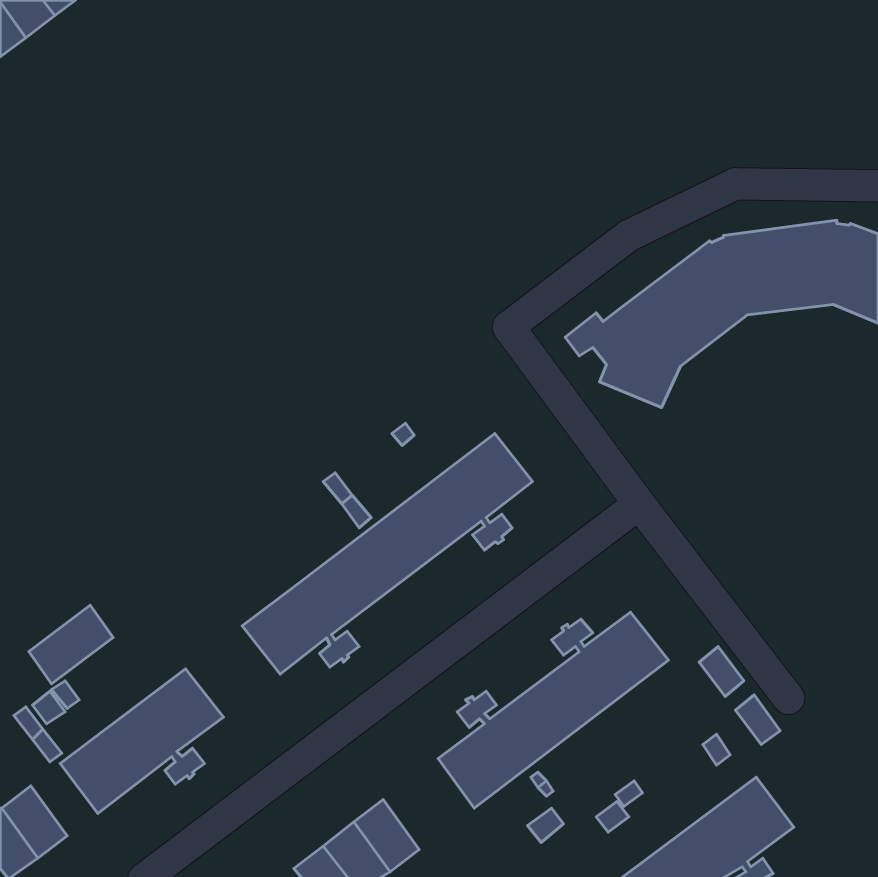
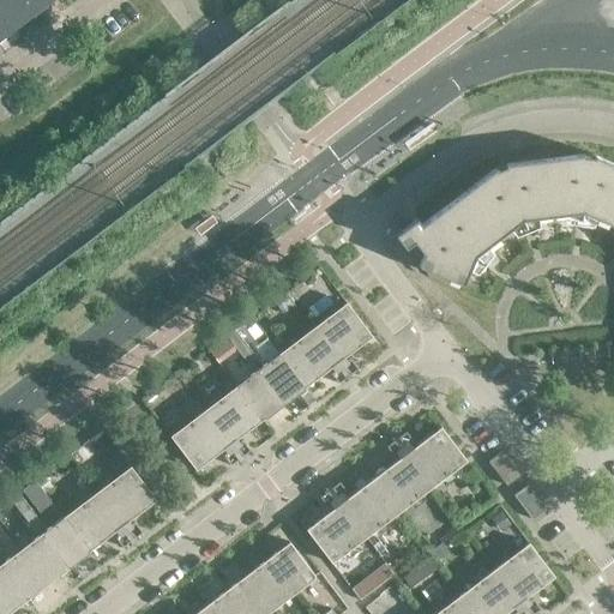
building: [29,605,113,684] -> none
building: none -> [22,534,68,584]
building: none -> [267,543,314,594]

